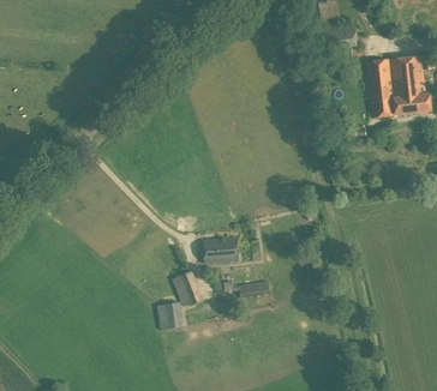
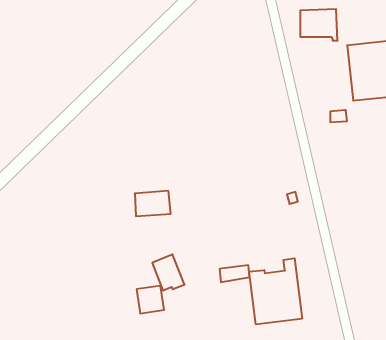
building: [203,237,239,263] -> [135,191,171,216]
building: none -> [249,258,302,324]

